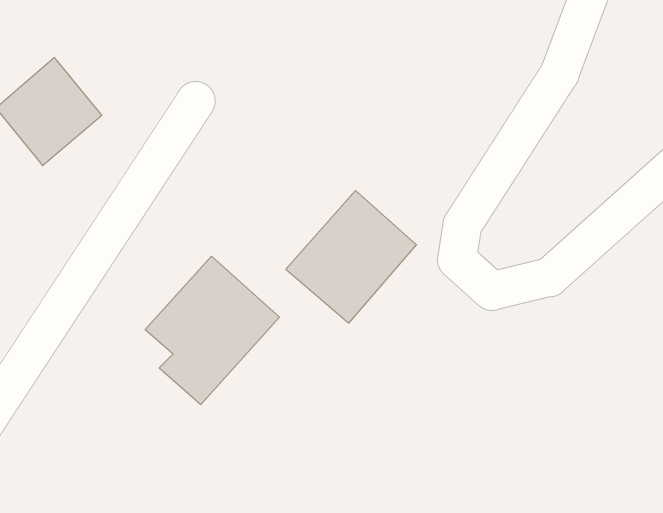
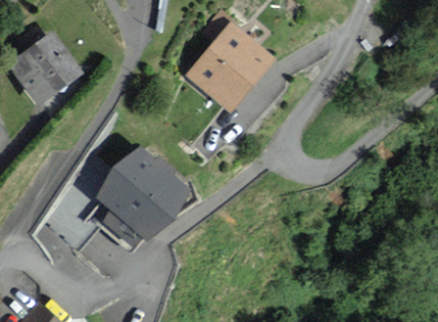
building: [286,191,417,323] -> [190,26,266,103]

